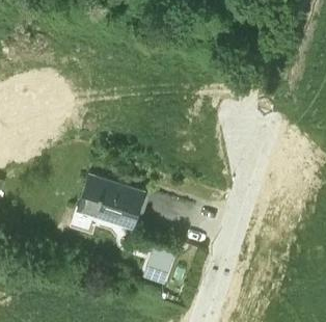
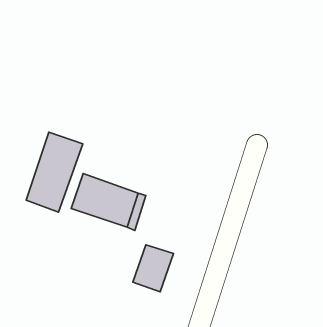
building: none -> [26,132,83,212]

